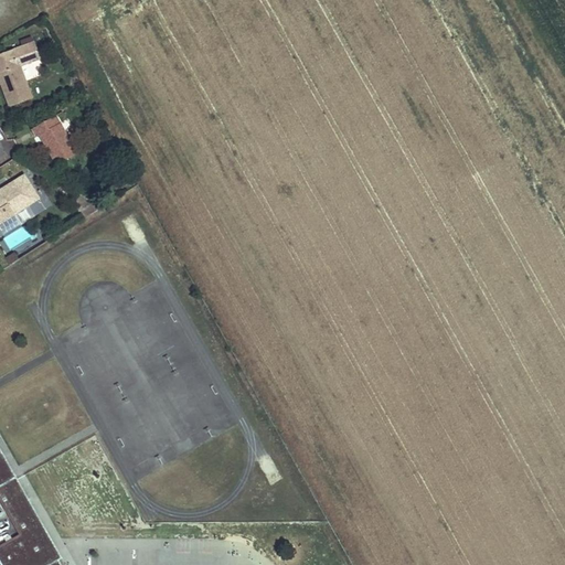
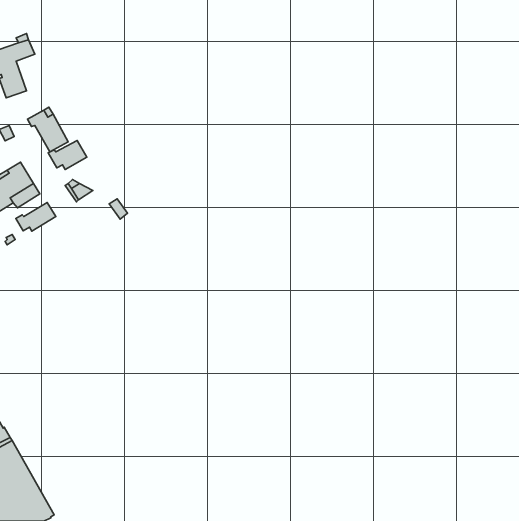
building: none -> [48,140,87,170]
building: none -> [16,203,56,231]

